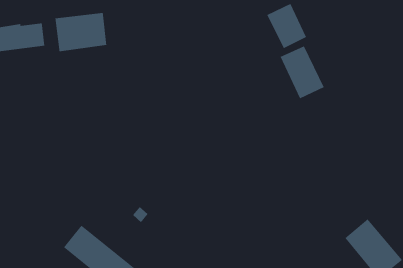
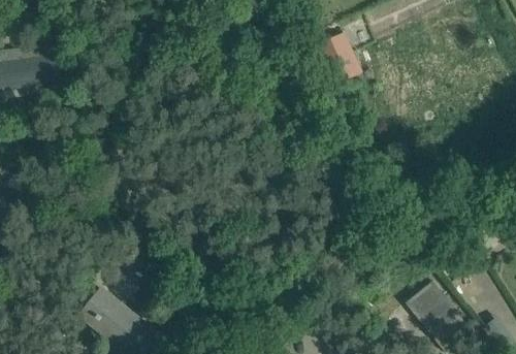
building: [55,12,107,52] -> none
building: [280,46,325,99] -> none

